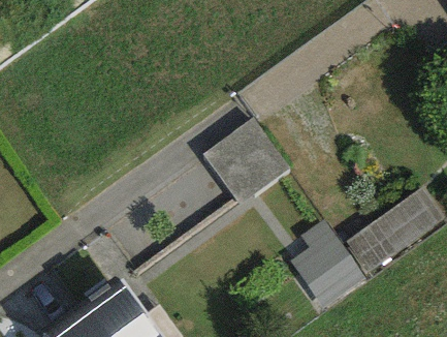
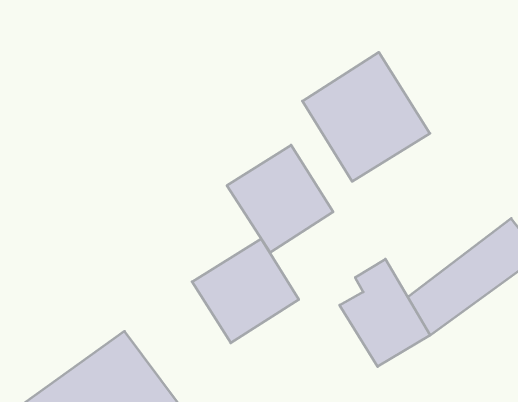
building: none -> [302,52,430,181]
building: none -> [192,239,299,343]

